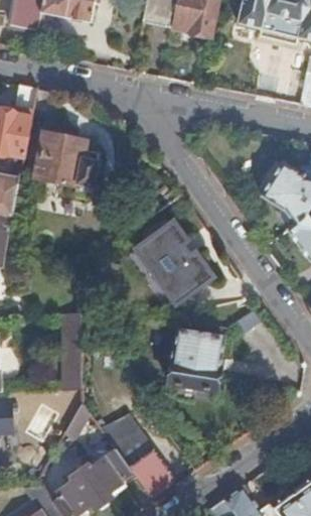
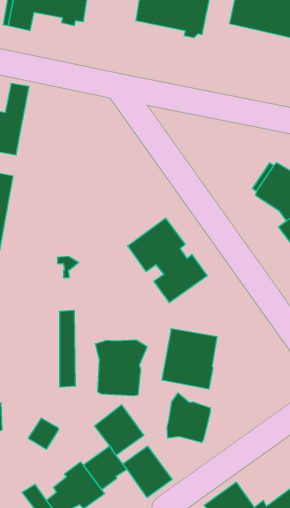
building: [21,133,97,186] -> none
building: none -> [95,340,147,396]
building: none -> [167,393,210,443]

